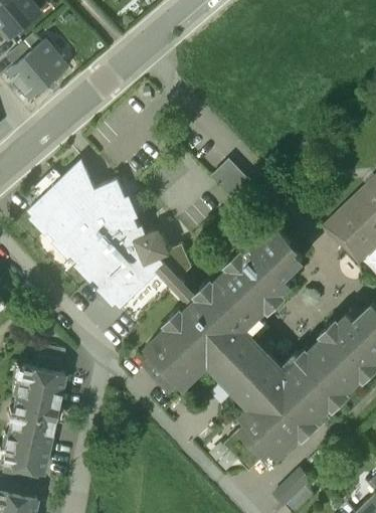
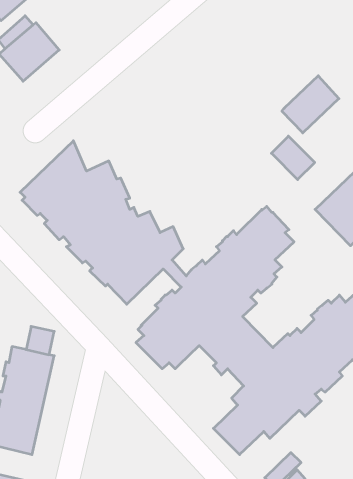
building: none -> [282,76,339,133]
building: [211,160,254,203] -> [271,136,315,180]

